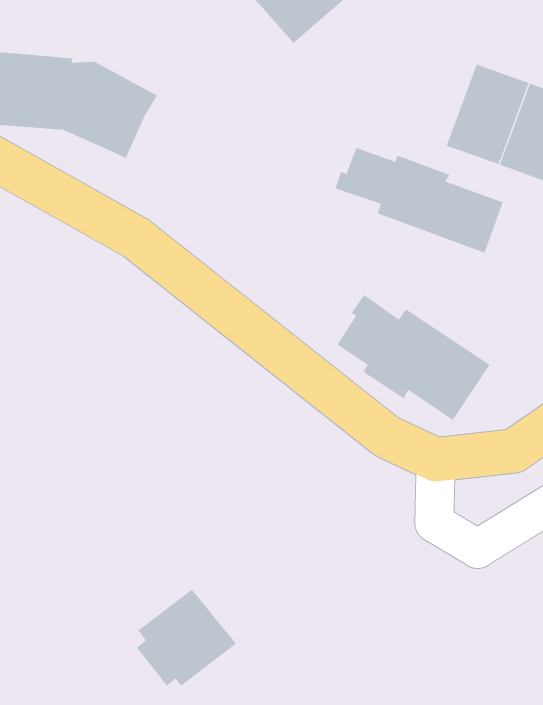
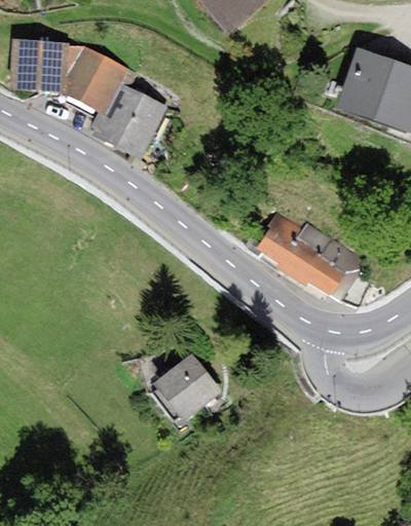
building: none -> [88,84,166,156]
building: [335,147,504,254] -> none
building: [136,589,237,687] -> [151,351,223,421]

